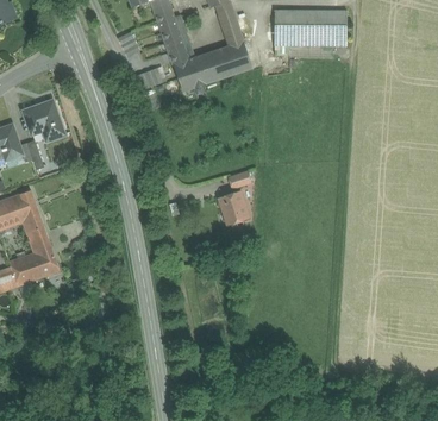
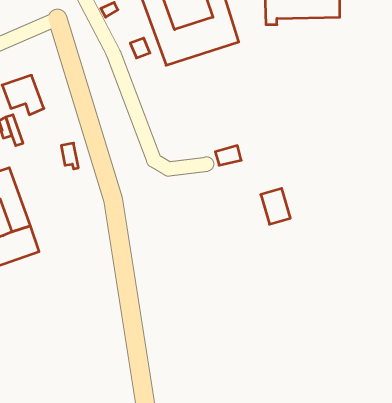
building: [223,193,251,227] -> [261,188,290,224]

